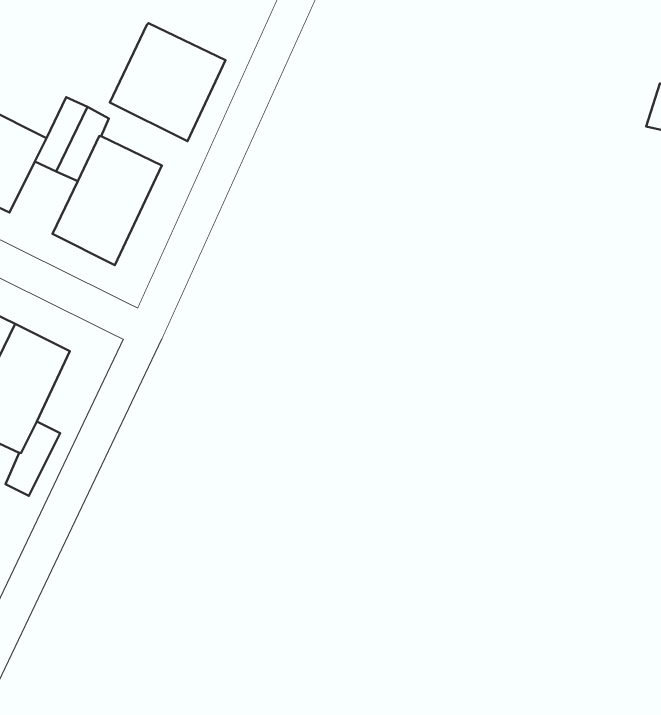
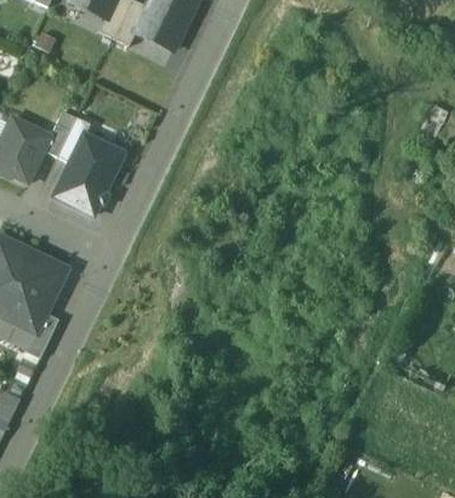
building: [110,23,225,141] -> none

